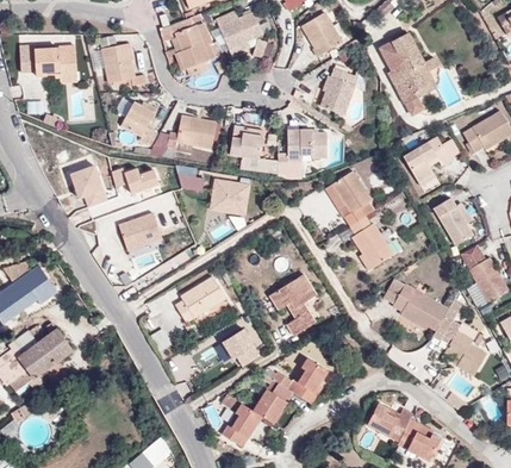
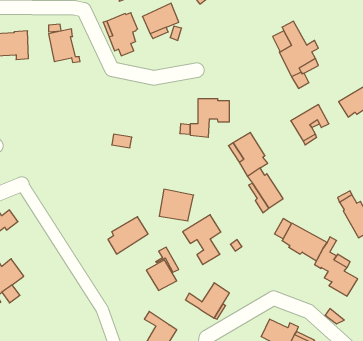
building: [300,12,342,56] -> none
building: [319,68,355,116] -> none
building: [120,102,156,145] -> none
building: [167,116,217,149] -> none
building: [229,125,262,160] -> none
building: [70,166,107,207] -> none
building: [111,168,158,194] -> none
building: [210,176,253,216] -> [159,189,194,221]
building: [432,196,473,245] -> none
building: [118,211,164,252] -> none
building: [251,383,292,424] -> none

